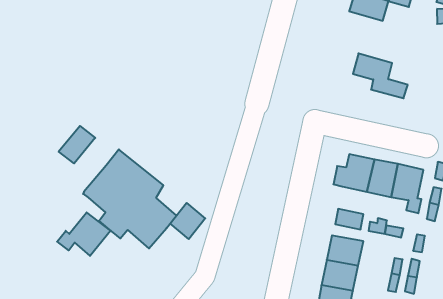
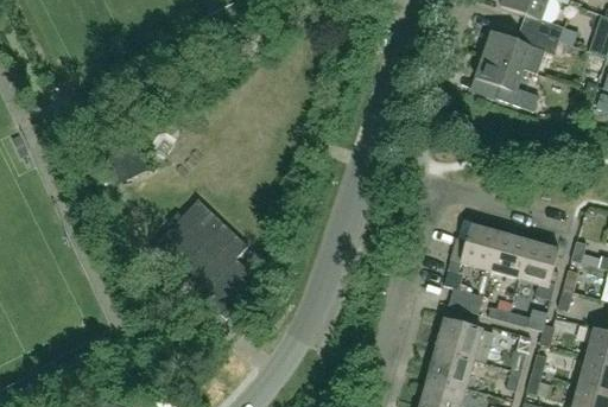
building: [353,53,408,98] -> [475,53,539,110]
building: [59,126,95,163] -> none
building: [170,203,205,239] -> none
building: [57,212,111,256] -> none

